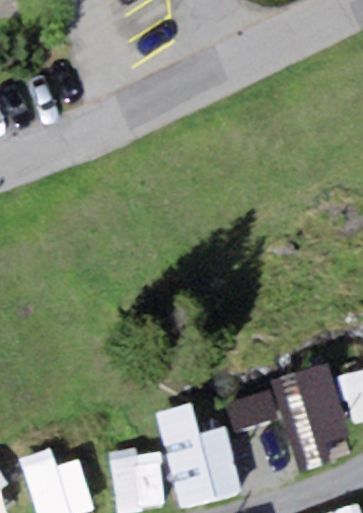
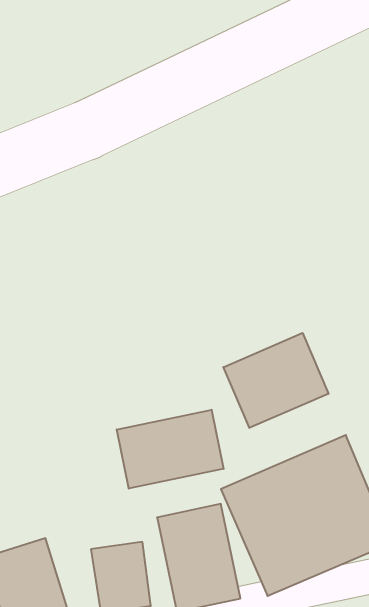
building: none -> [223,333,328,428]
building: none -> [117,410,224,489]

